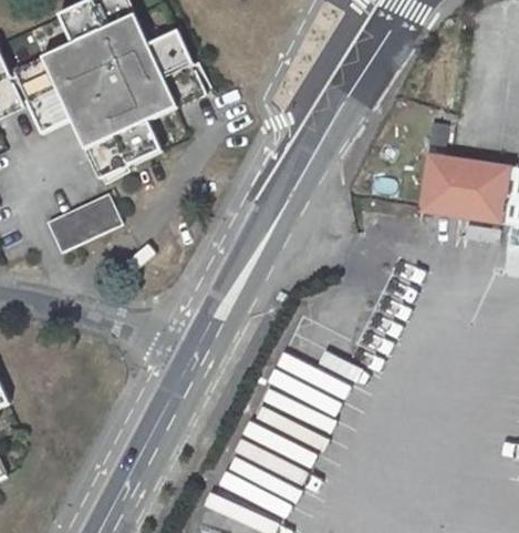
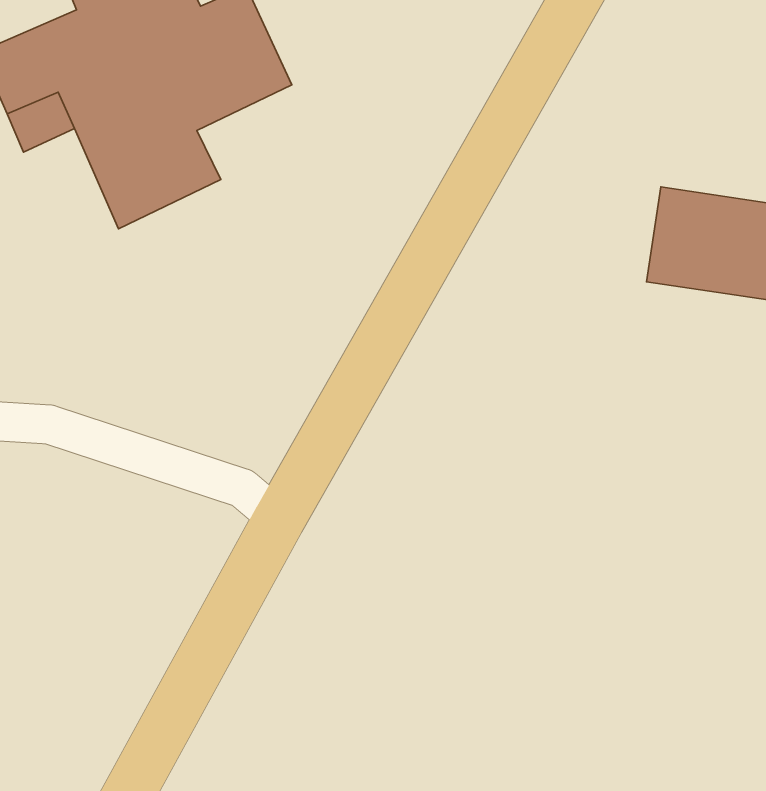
building: [46,193,121,252] -> none

